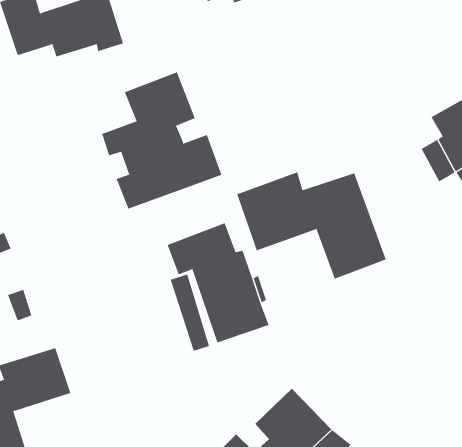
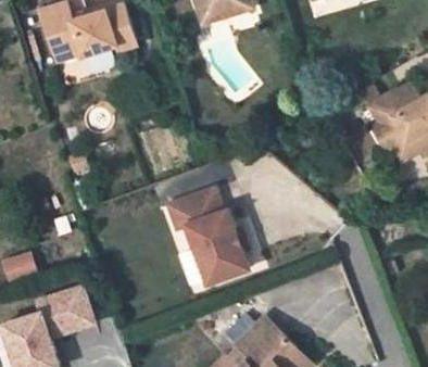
building: [102,72,222,209] -> none
building: [237,171,387,279] -> none

